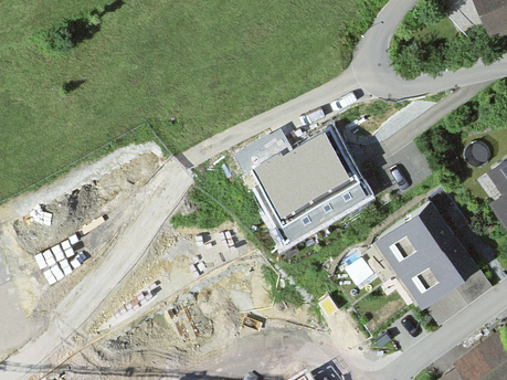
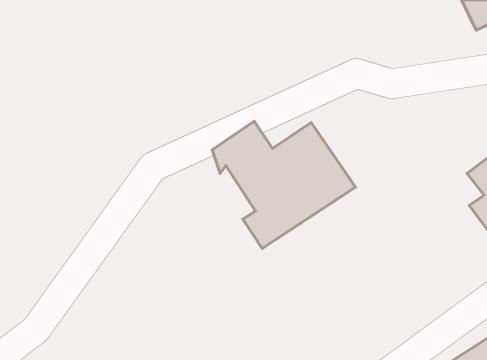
building: [376,204,478,309] -> none

